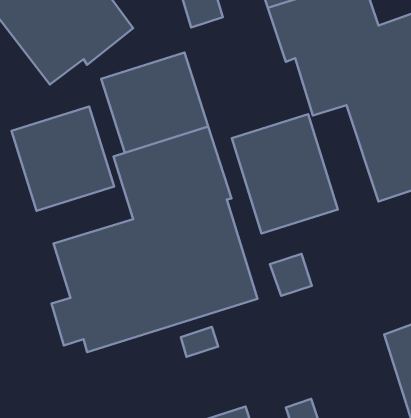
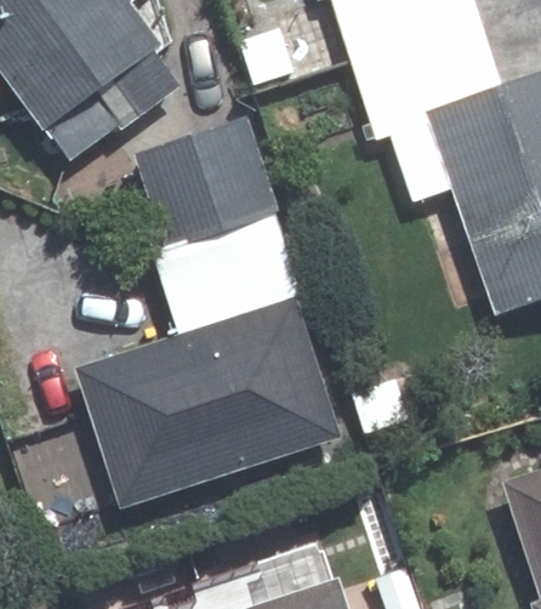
building: [11,106,114,211] -> none
building: [232,114,338,233] -> none

